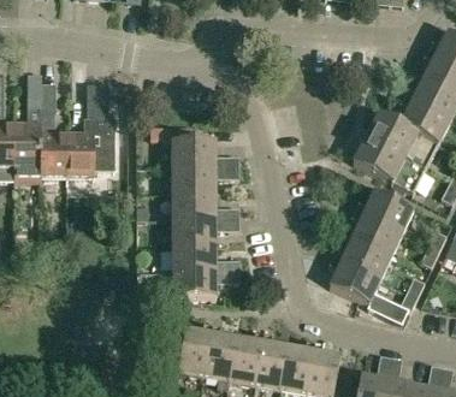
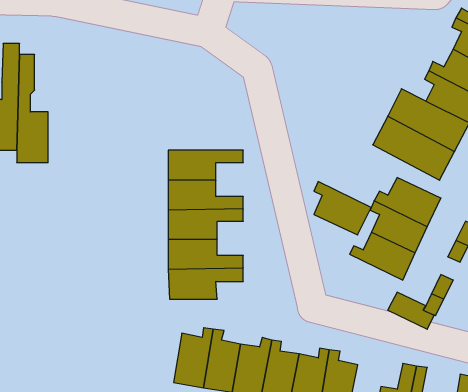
building: [67,84,116,178] -> none
building: [173,126,239,167] -> none
building: [330,259,380,306] -> [314,182,371,235]

